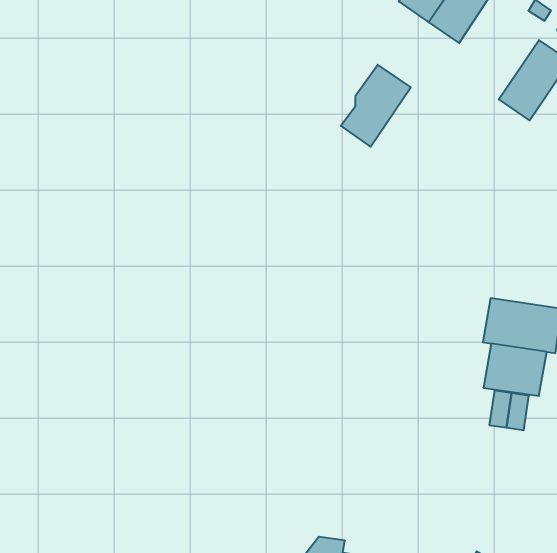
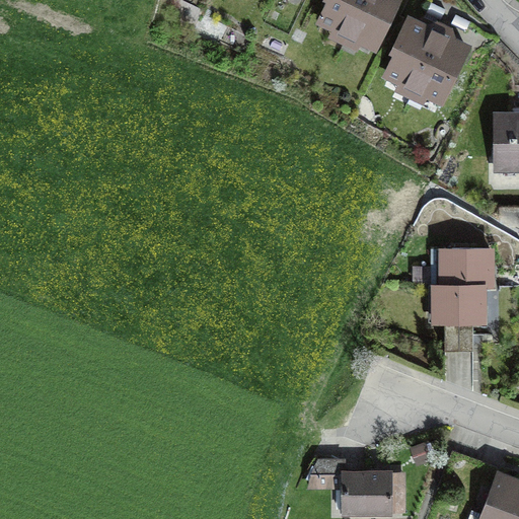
building: [341,65,411,147] -> [390,20,442,87]

